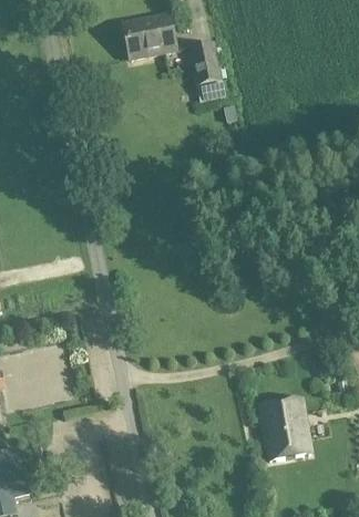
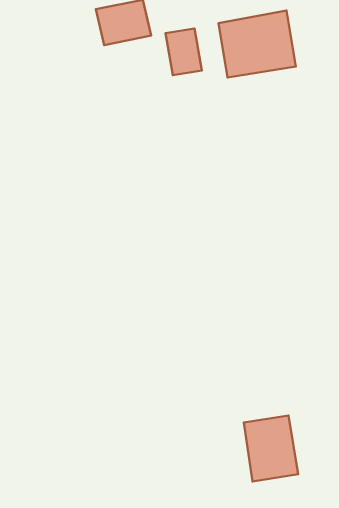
building: none -> [218,11,296,78]

